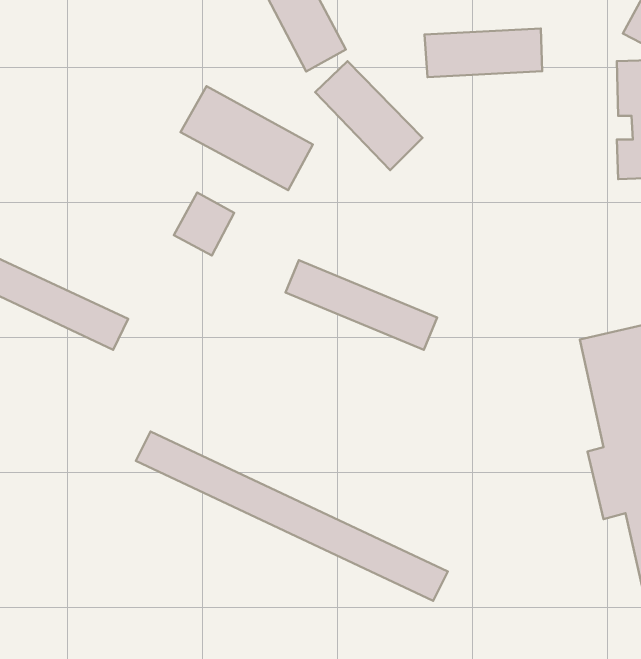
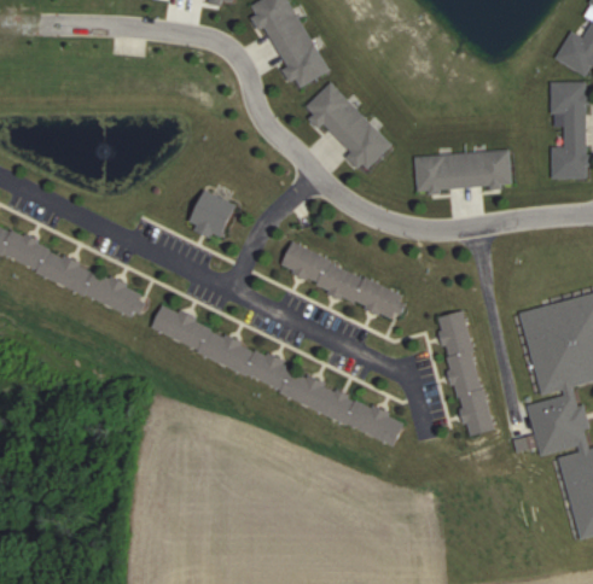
building: [424,29,542,77] -> [414,151,511,191]
building: [180,86,313,190] -> none
building: none -> [437,310,493,437]
building: [136,432,448,601] -> [150,306,406,445]

